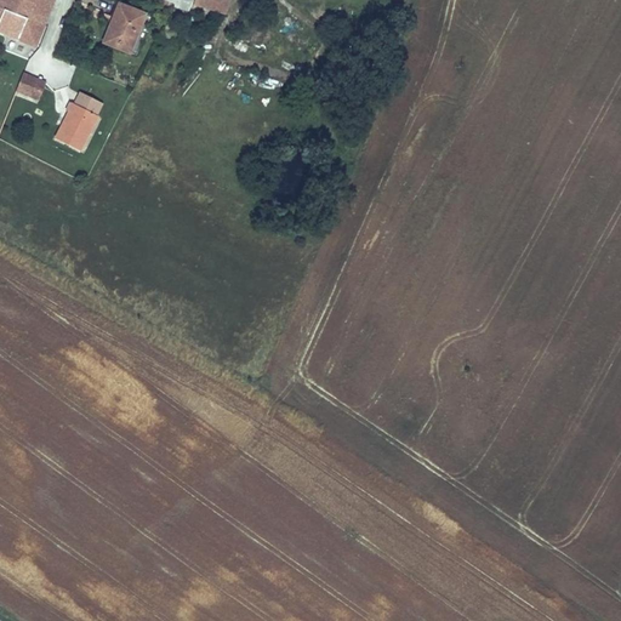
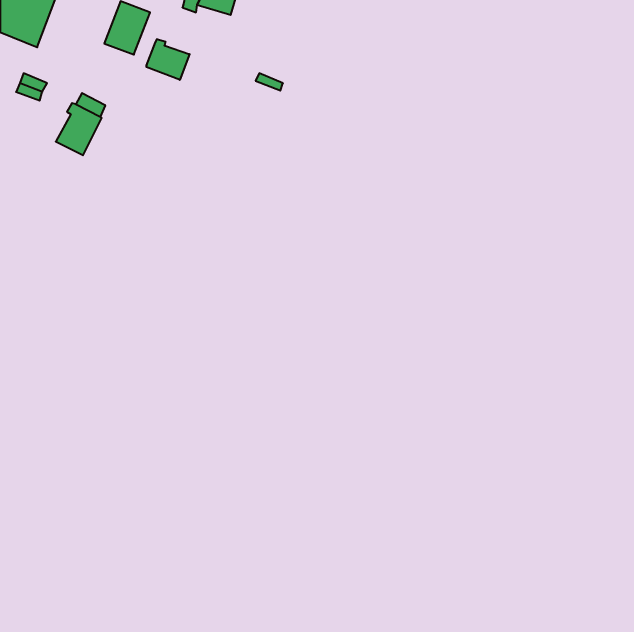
building: none -> [146,39,190,80]

